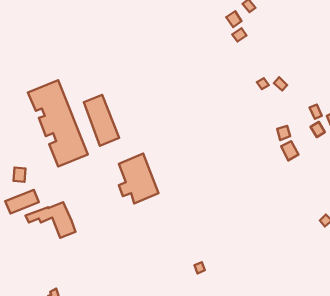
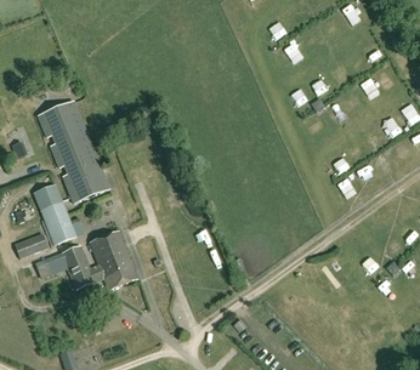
building: [84,95,119,146] -> [34,184,76,245]
building: [119,154,159,203] -> [90,230,137,290]

